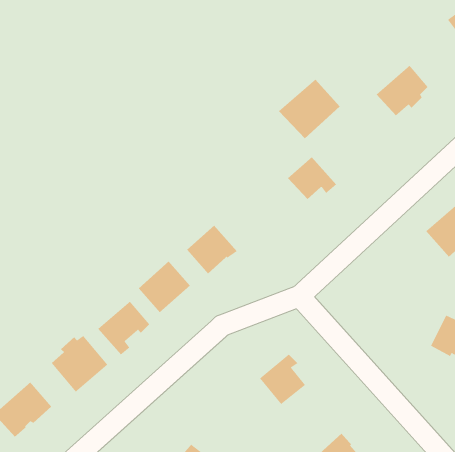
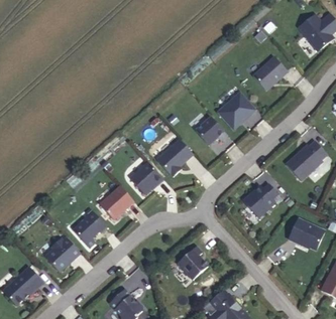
building: [278,79,340,139] -> [219,92,259,131]
building: none -> [153,136,191,173]
building: none -> [239,182,274,216]

